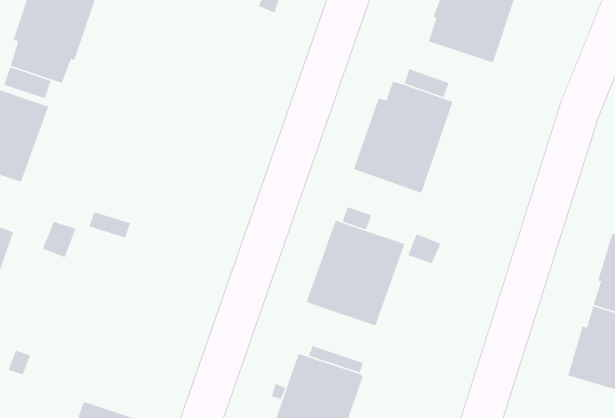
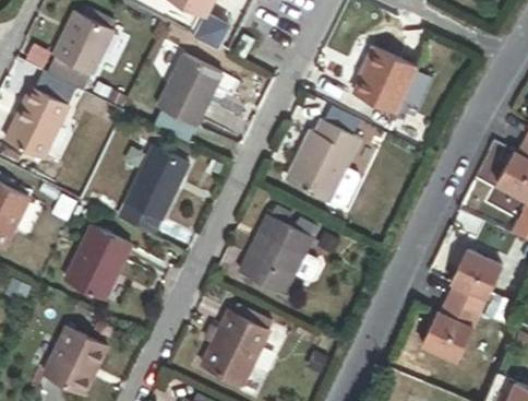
building: none -> [153,51,223,127]
building: none -> [113,144,190,237]
building: none -> [61,220,134,297]

